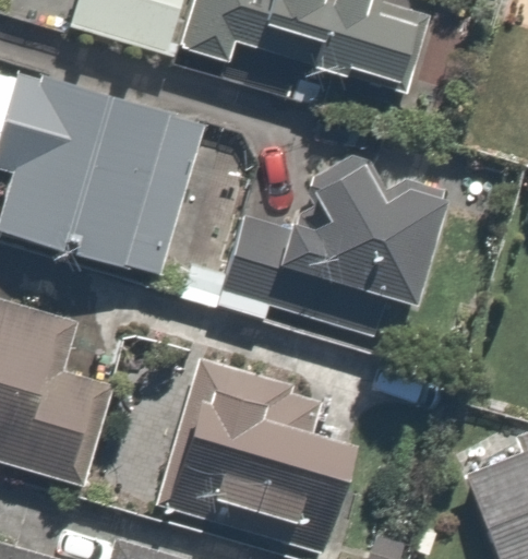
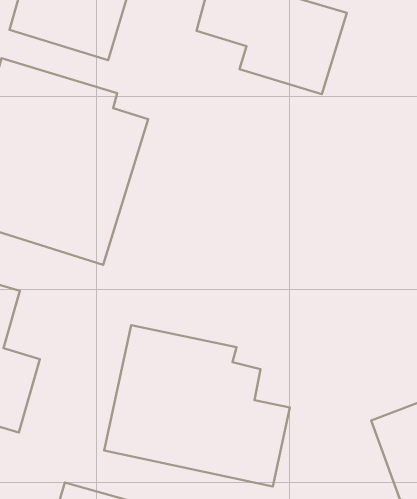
building: [281,157,457,319] -> none

